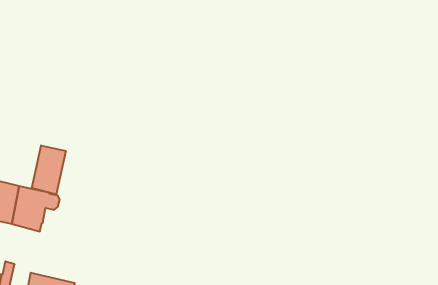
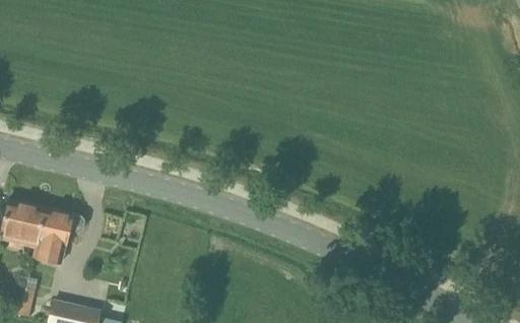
building: [32,145,66,195] -> none

